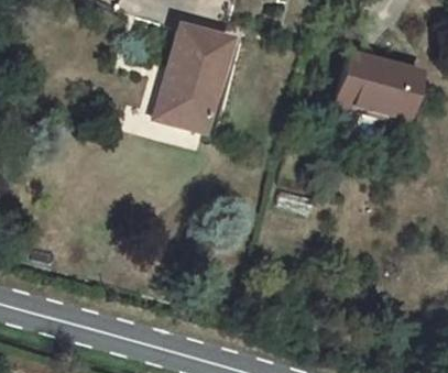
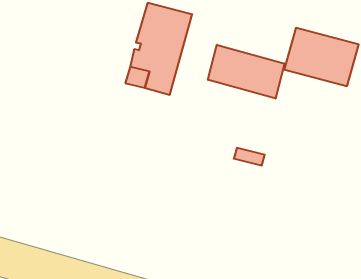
building: none -> [208,45,285,99]

